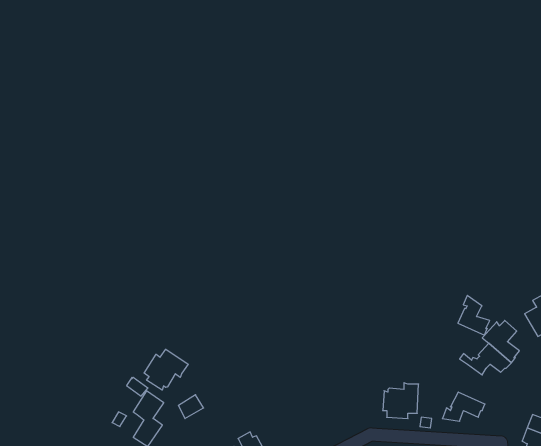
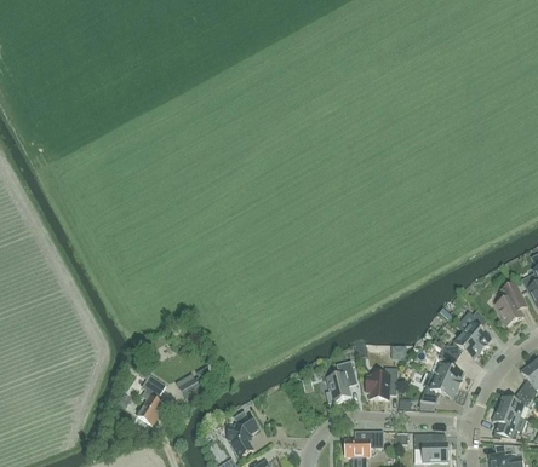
building: [458,295,490,335] -> [435,350,464,386]
building: [144,349,188,390] -> none
building: none -> [327,361,356,403]

